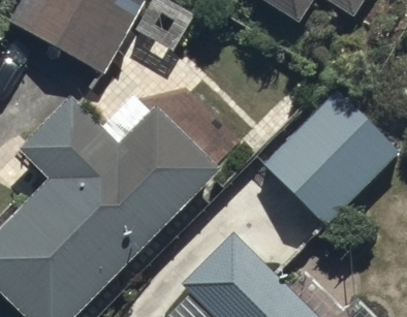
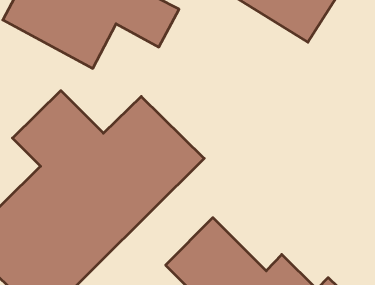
building: [261,89,399,223] -> none

